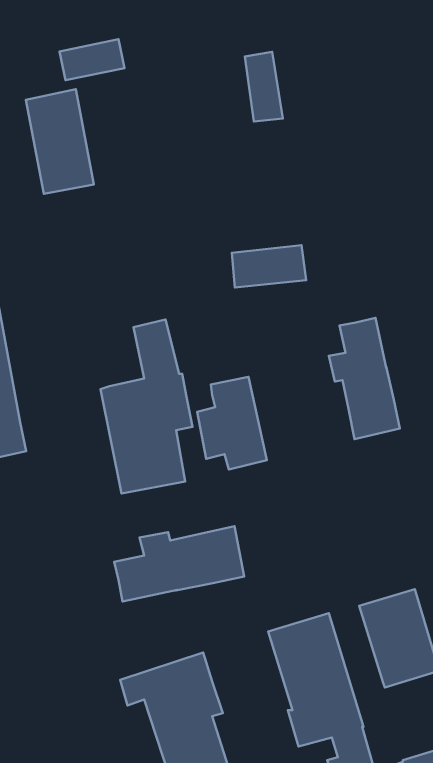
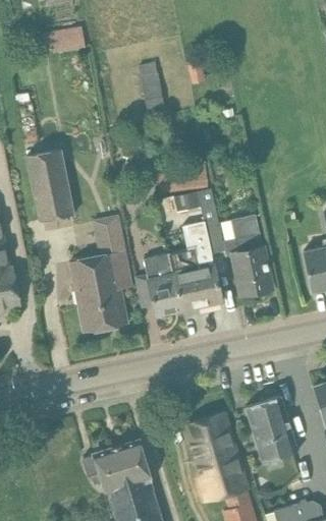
building: [245,52,283,122] -> [140,62,165,109]
building: [26,89,94,194] -> [29,150,74,220]
building: none -> [170,191,225,310]
building: [114,526,244,601] -> none

